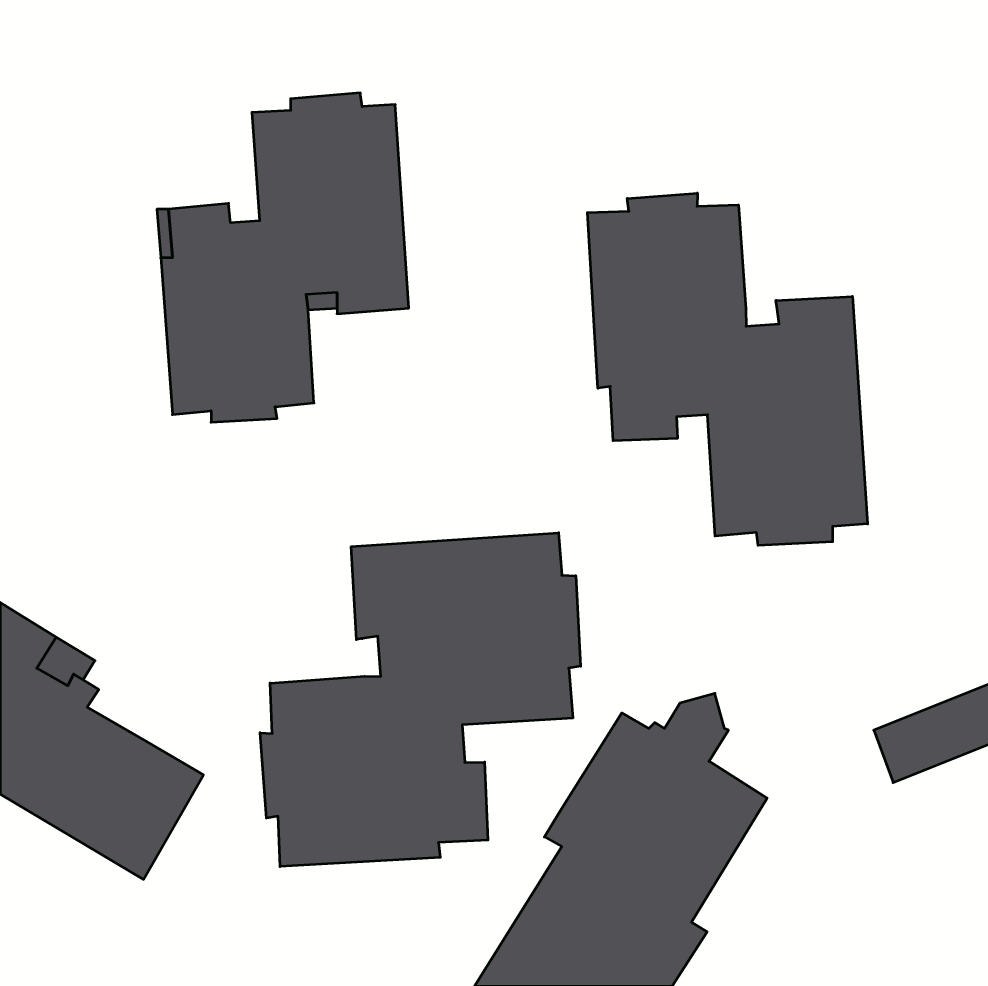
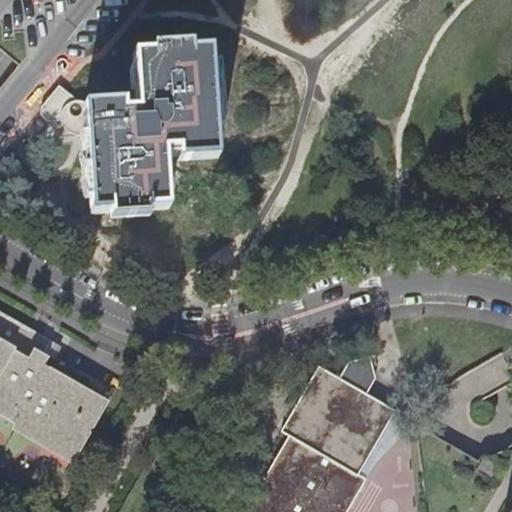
building: [587,193,868,545] -> none
building: [260,533,581,867] -> none

